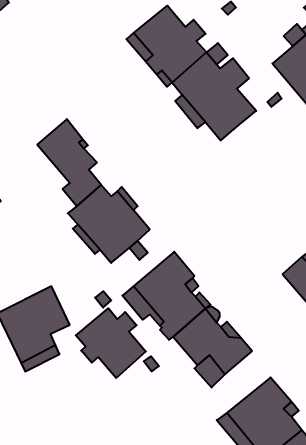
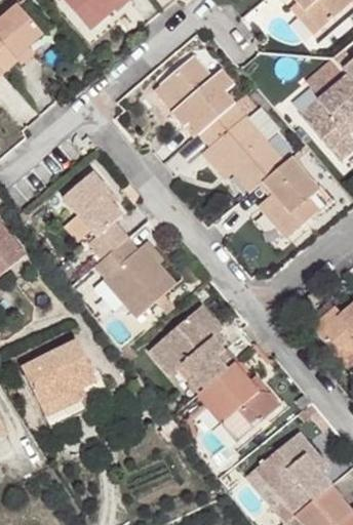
building: none -> [262,157,319,236]
building: [76,308,146,378] -> none

